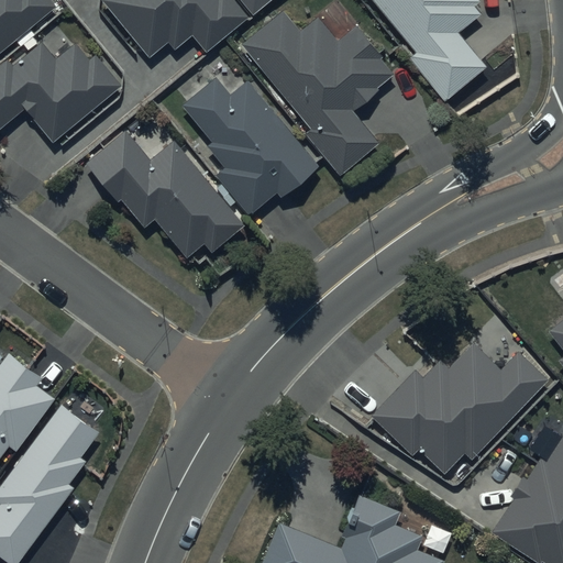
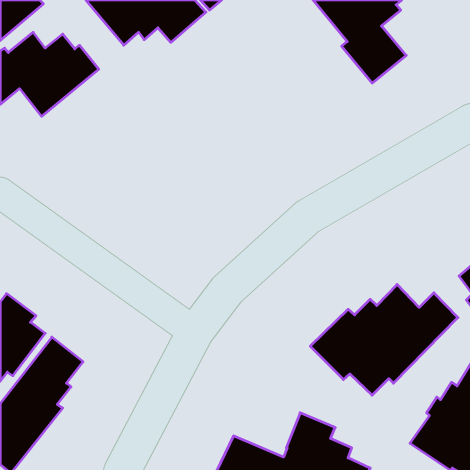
building: [242,9,391,176] -> none
building: [181,76,318,214] -> none
building: [87,131,242,257] -> none

